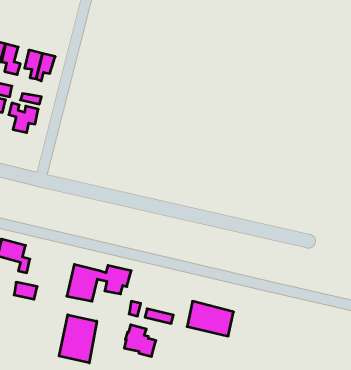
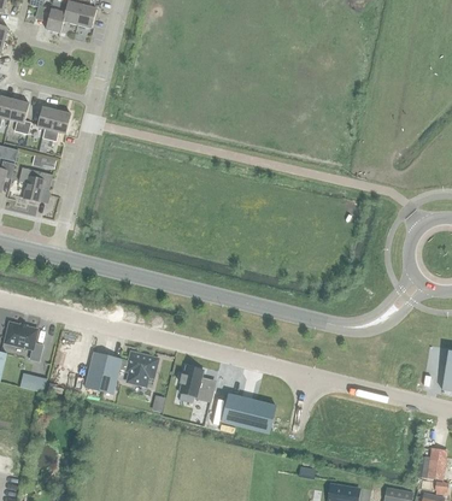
building: [59,315,97,363] -> none
building: [124,325,156,356] -> [178,365,215,401]

